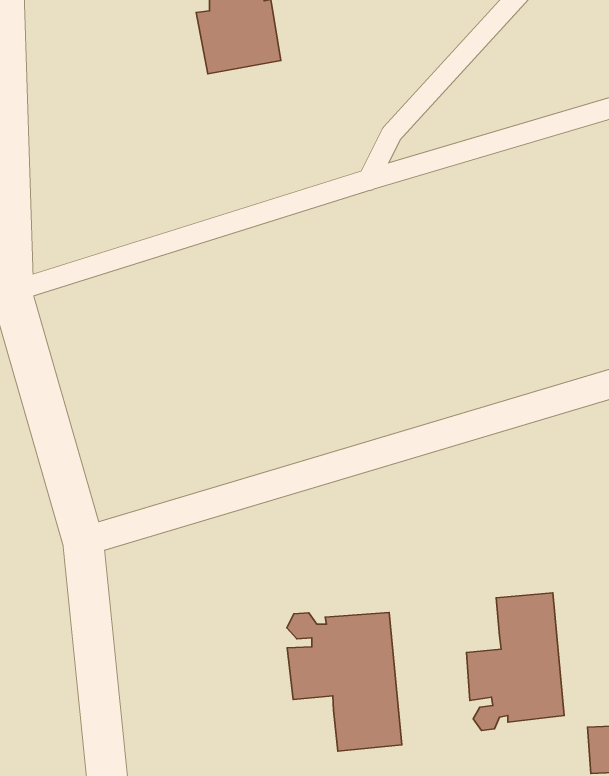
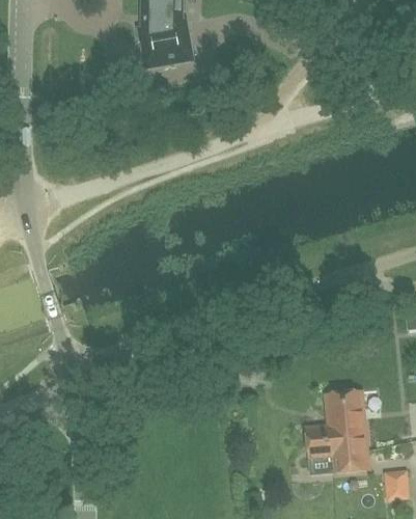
building: [287,613,402,751] -> none

